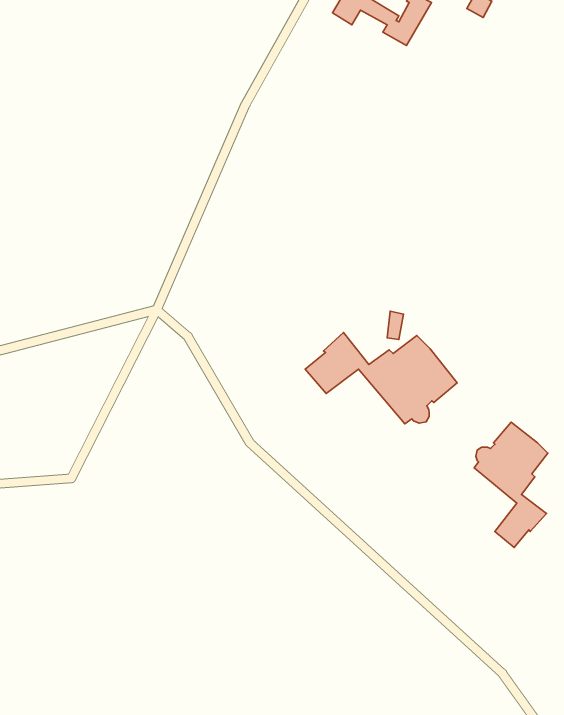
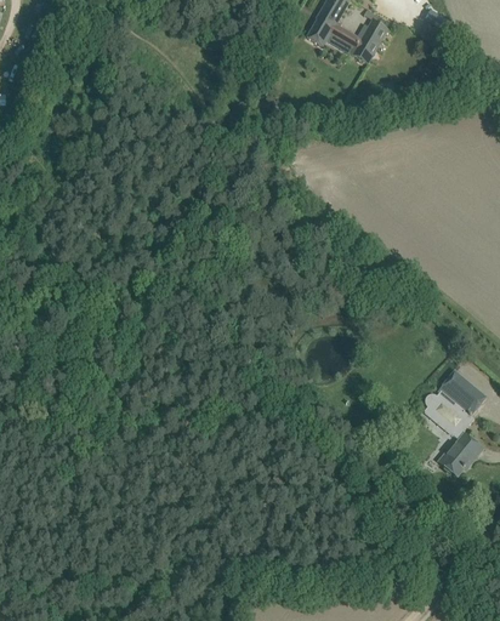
building: [305,332,457,424] -> none

